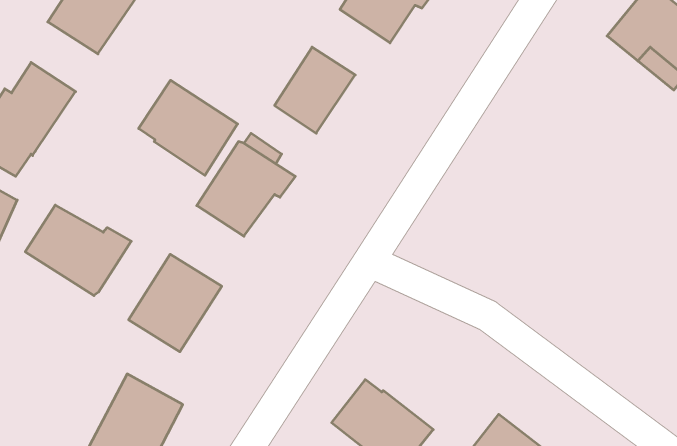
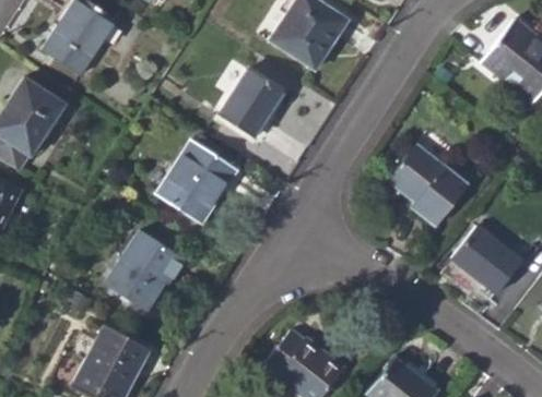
building: [139,80,238,175] -> none
building: none -> [391,144,470,225]
building: [25,205,131,296] -> none
building: none -> [452,226,523,294]

